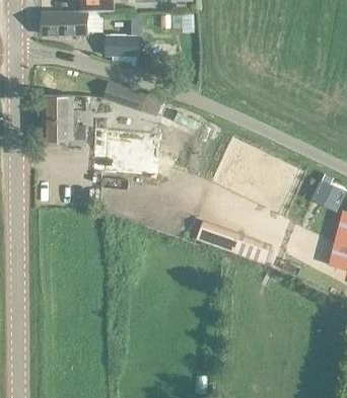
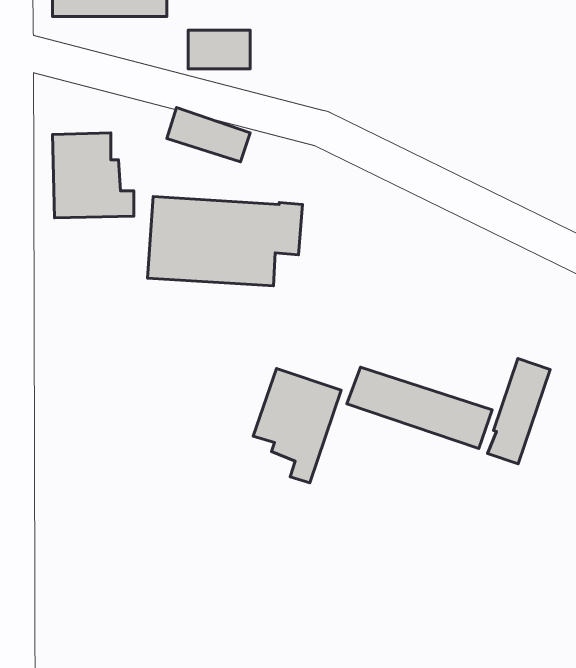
building: none -> [487,359,550,464]
building: none -> [253,368,341,483]

